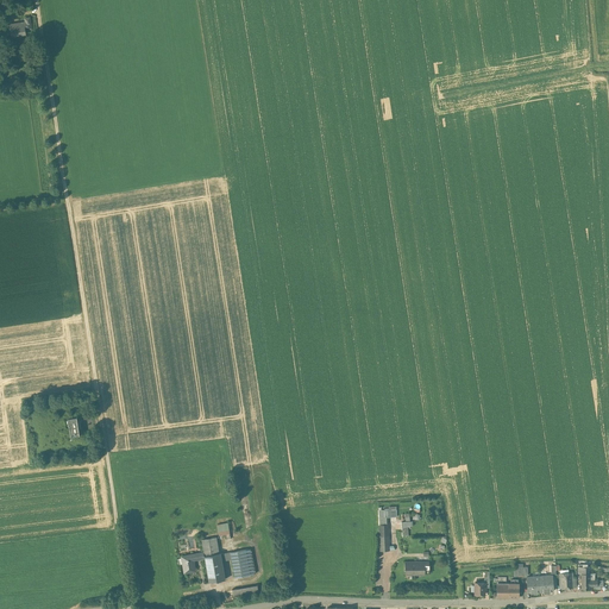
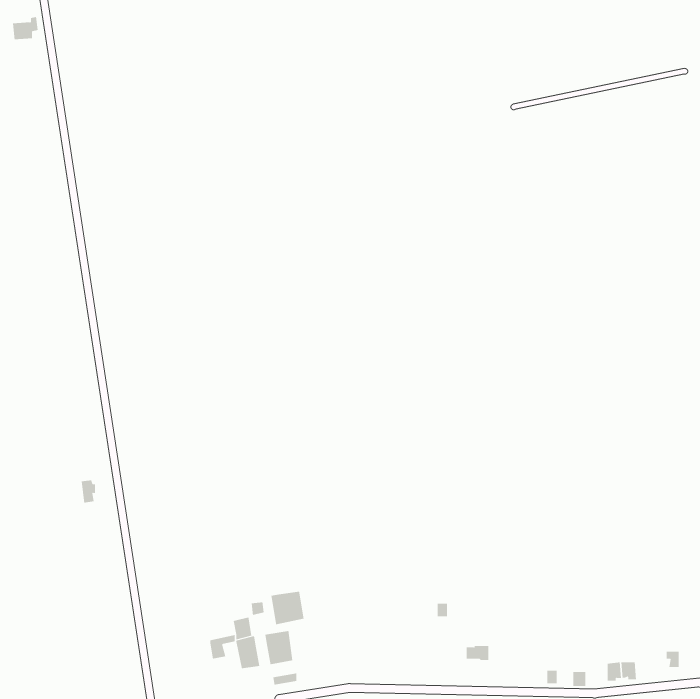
building: none -> [271,591,304,625]

